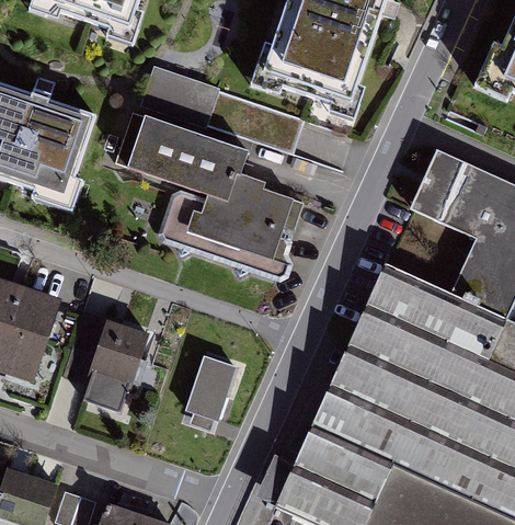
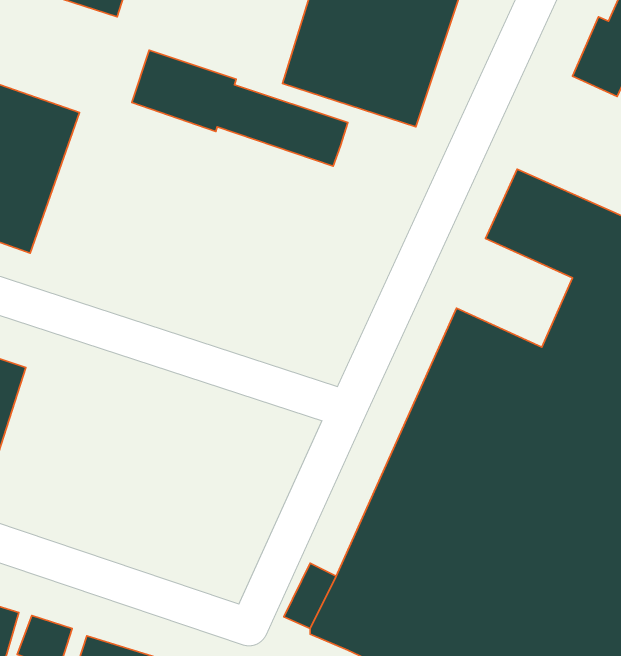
building: [119,112,308,283] -> none
building: [75,326,149,423] -> none
building: [186,352,237,418] -> none

